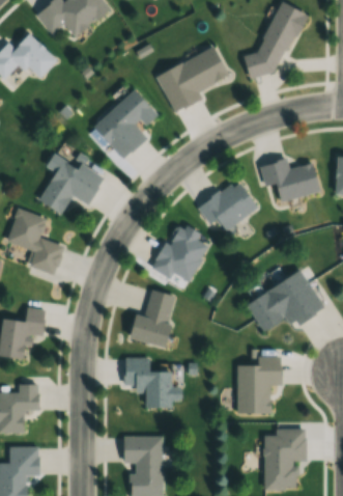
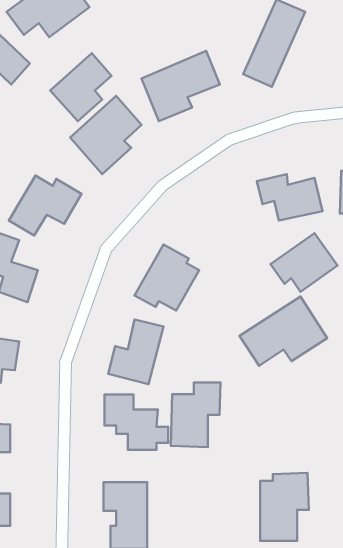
building: none -> [50,53,112,121]
building: [198,178,258,231] -> [271,233,337,292]
building: [237,355,282,413] -> [171,383,221,447]

